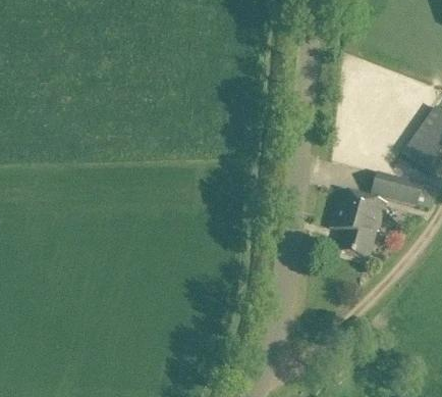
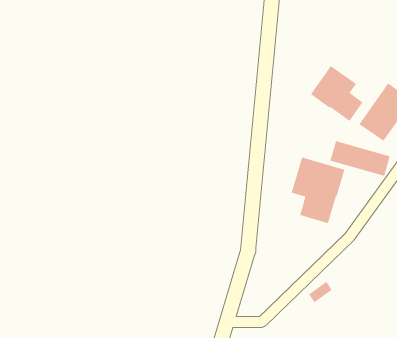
building: none -> [310,65,363,122]

